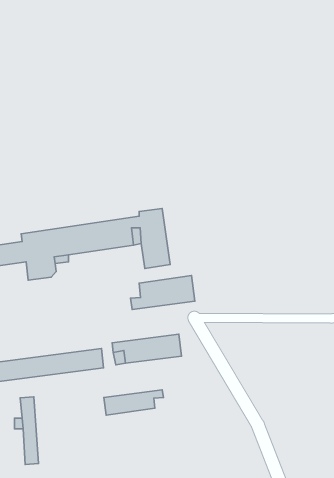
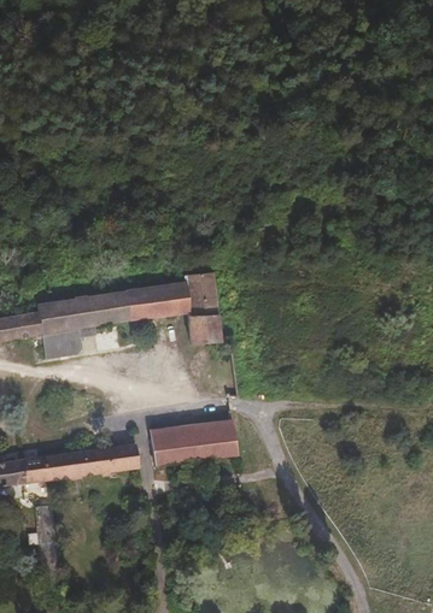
building: [131,276,195,309] -> none
building: [104,390,163,415] -> none

